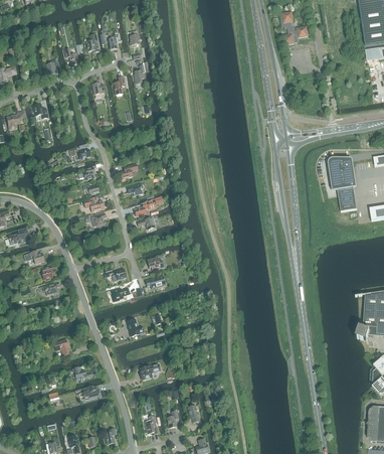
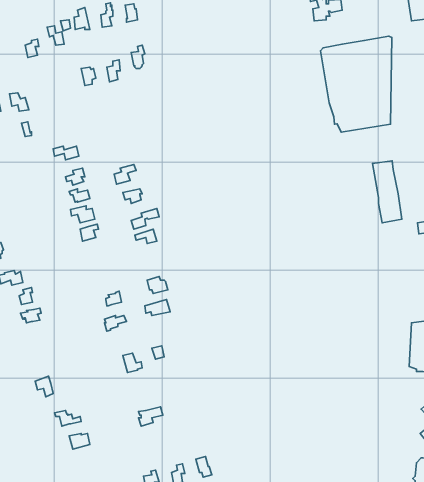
building: none -> [321,36,392,132]

